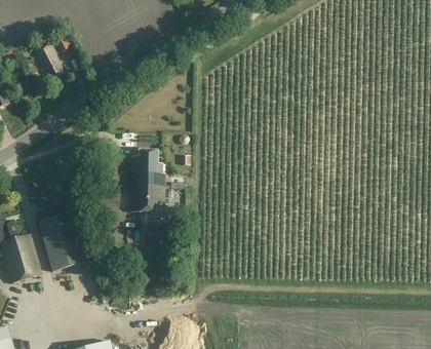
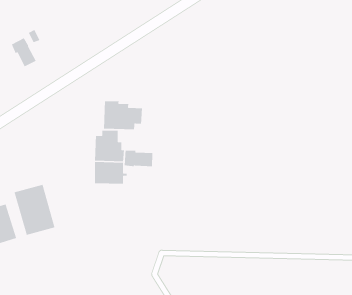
building: none -> [103,100,143,130]
building: none -> [124,150,153,167]

